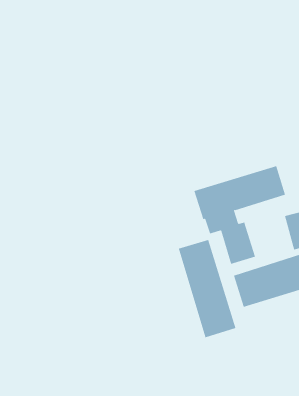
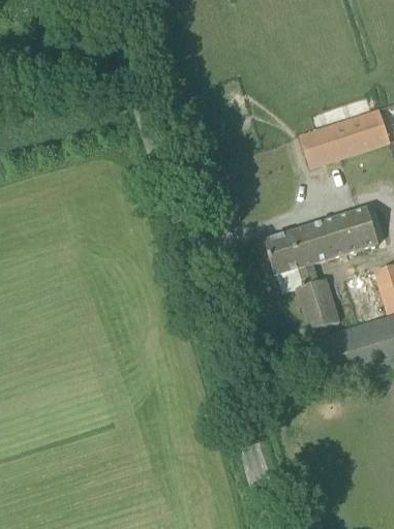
building: none -> [300,108,388,165]
building: [178,239,236,338] -> none

